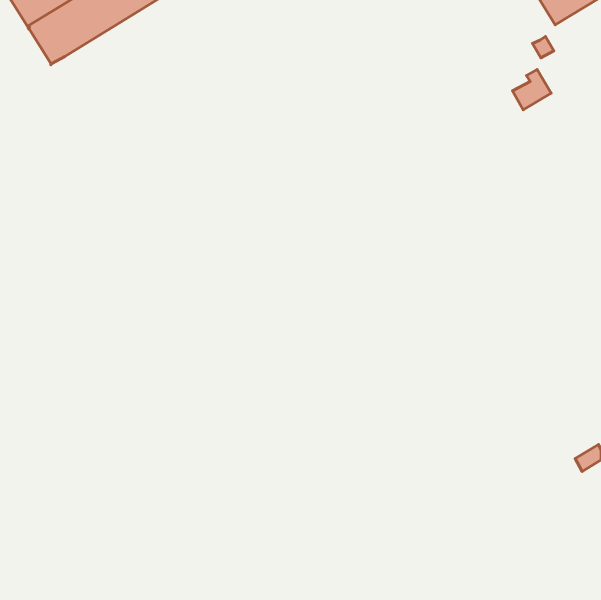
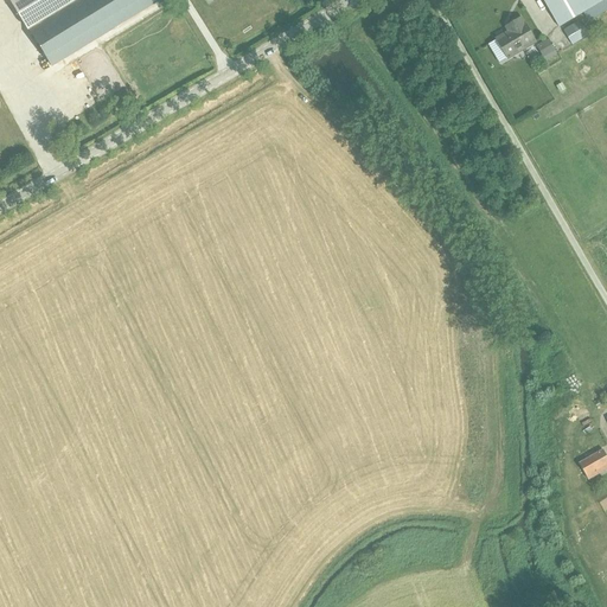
building: [512,70,551,110] -> [496,15,535,56]

